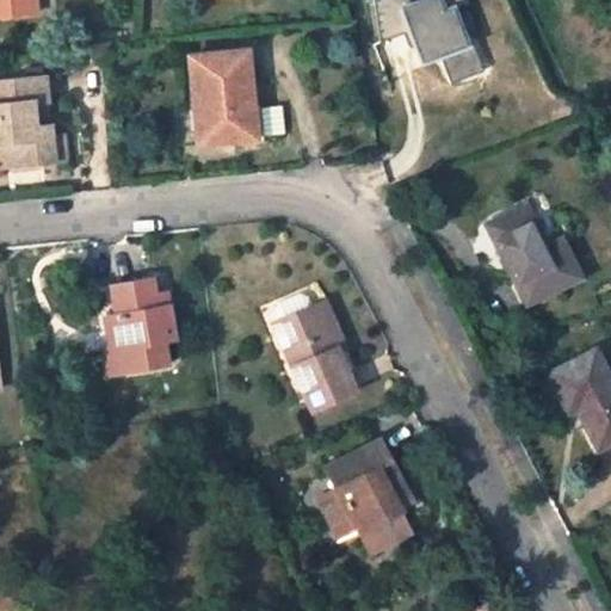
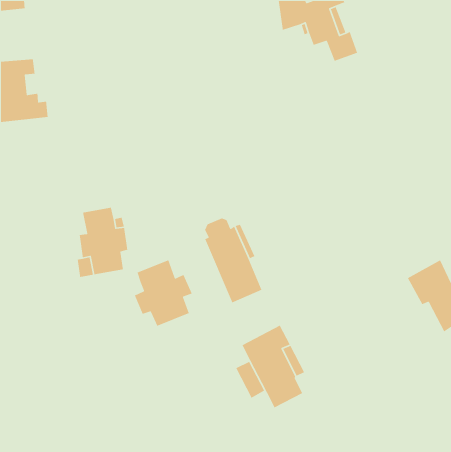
building: [191,51,266,147] -> none
building: [489,208,580,302] -> none
building: none -> [134,259,193,327]

